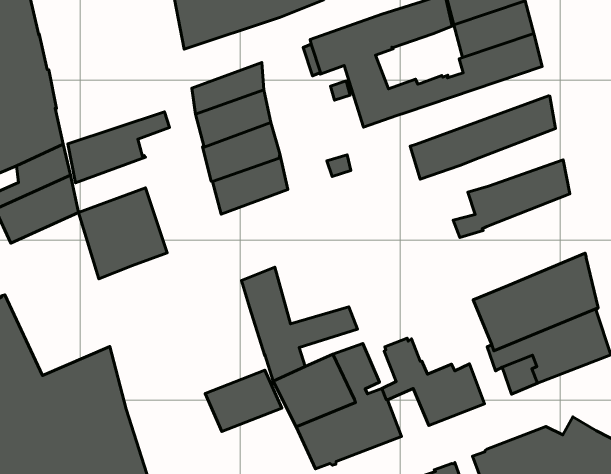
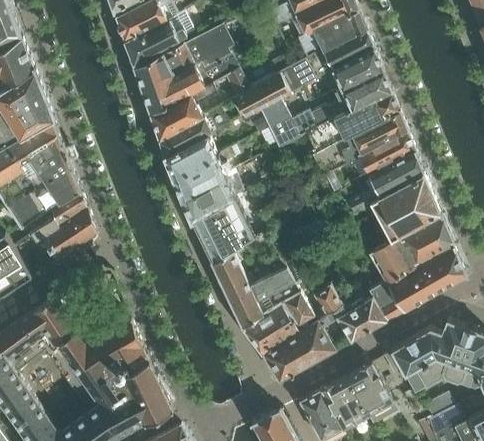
building: none -> [305,92,398,156]
building: [68,112,170,183] -> [151,85,217,141]
building: none -> [358,132,414,177]
building: [79,188,167,279] -> [192,199,255,264]
building: none -> [370,174,438,241]
building: none -> [368,284,403,322]
building: [205,370,282,431] -> none

